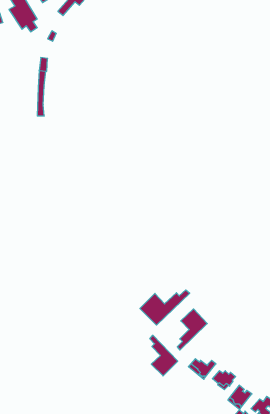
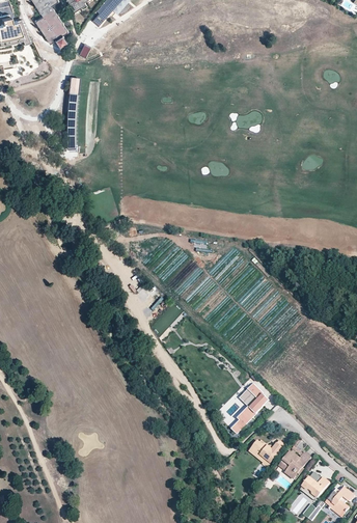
building: [140,290,190,325] -> none
building: [150,335,178,376] -> none

